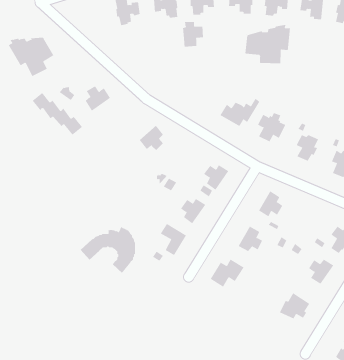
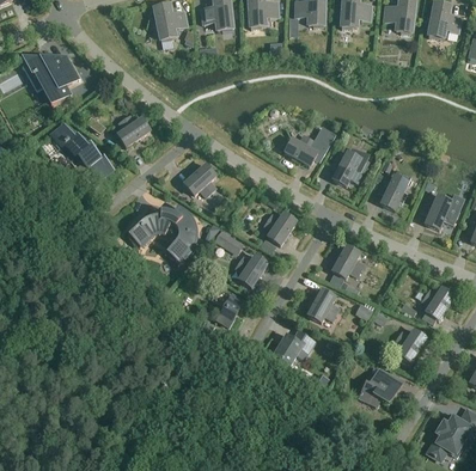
building: [183,21,204,47] -> none
building: [244,24,291,64] -> none
building: [80,227,136,274] -> [126,206,195,264]

